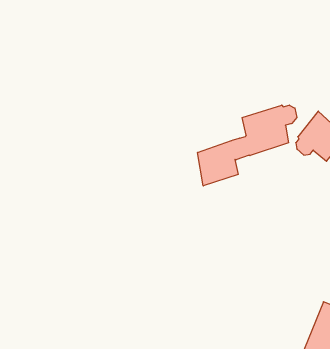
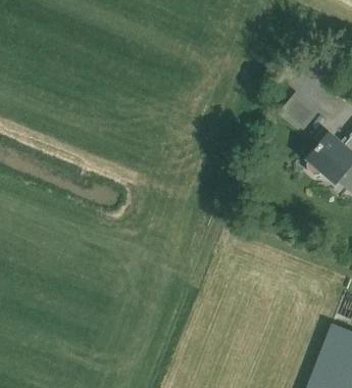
building: [198,105,297,186] -> none

